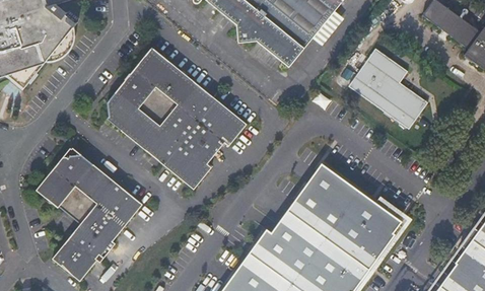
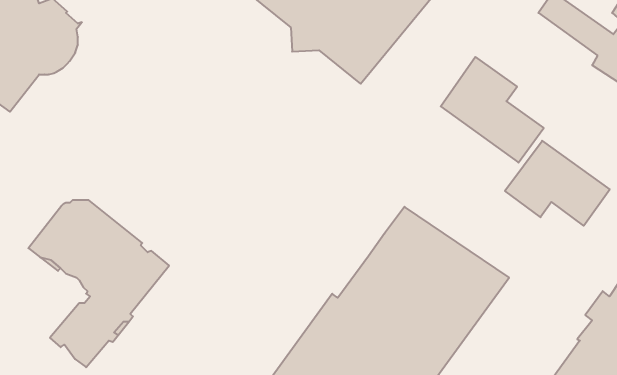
building: [106,53,248,190] -> none
building: none -> [505,141,610,226]

